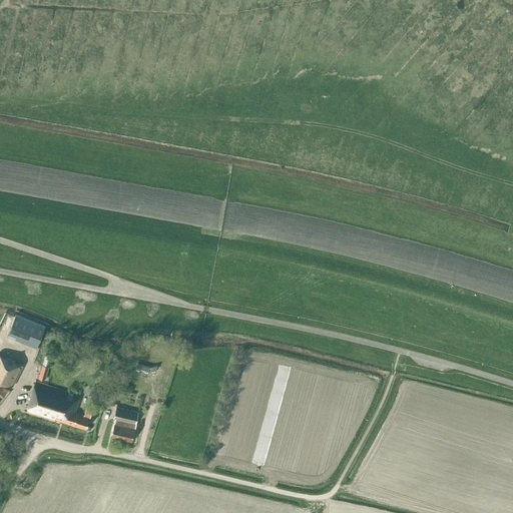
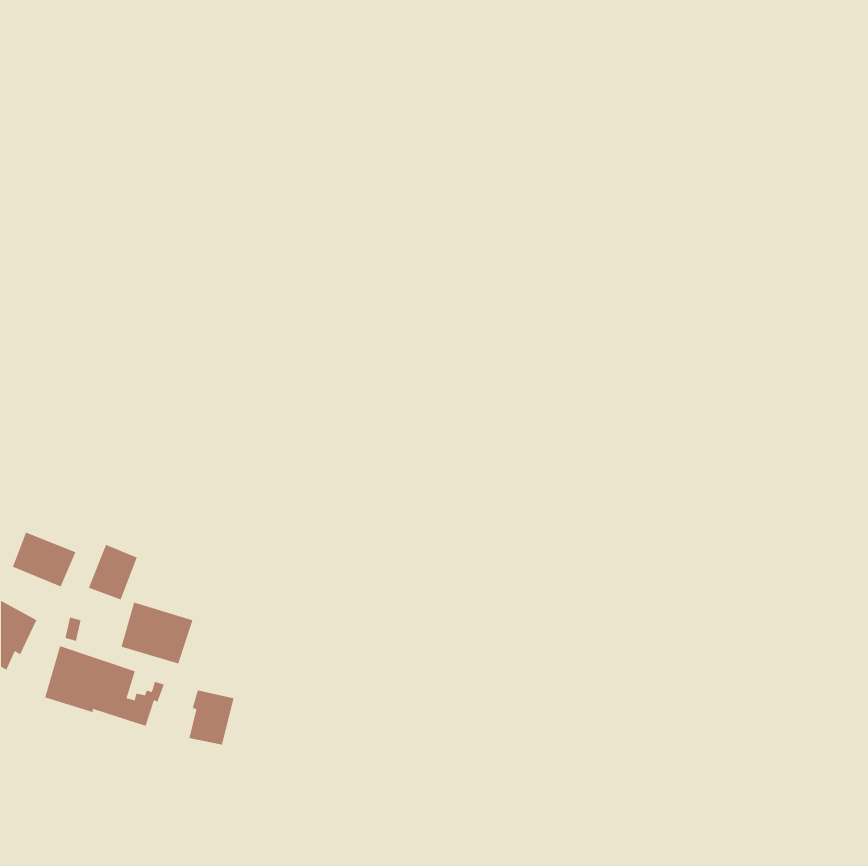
building: none -> [88,544,138,601]
building: none -> [120,601,193,665]

